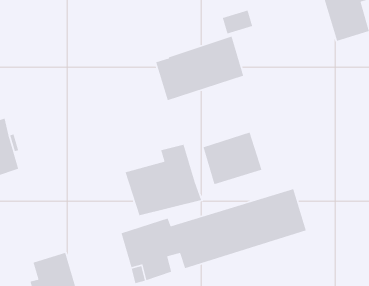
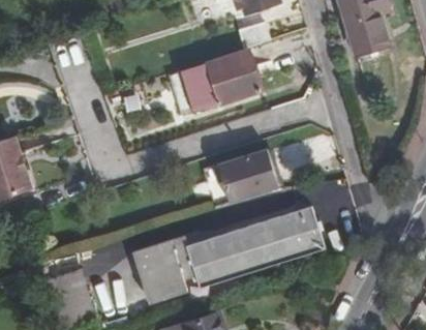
building: [125,144,202,216] -> none

